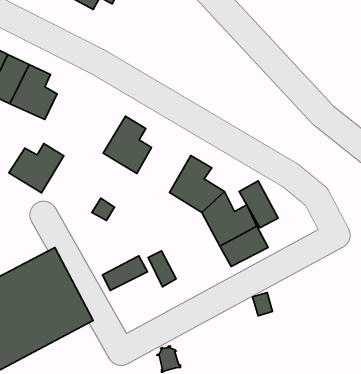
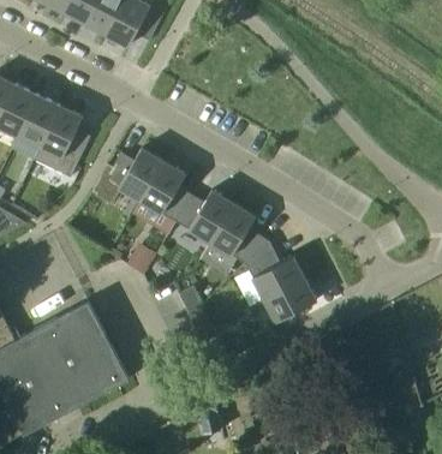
building: none -> [175,190,233,243]
building: [9,144,64,193] -> [104,148,163,201]
building: [239,181,278,228] -> none
building: [102,256,147,290] -> none

